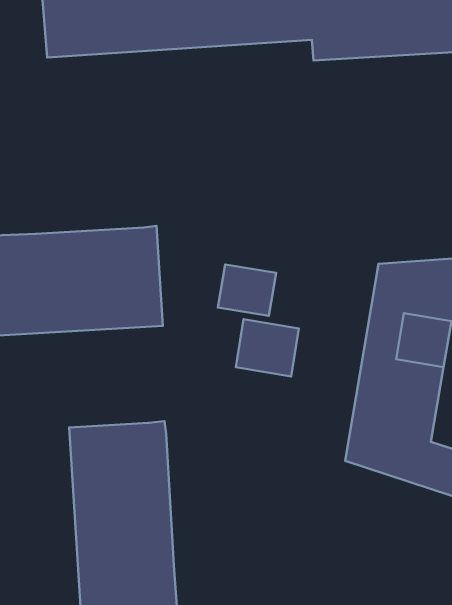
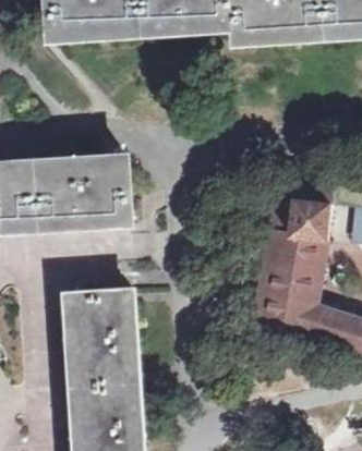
building: [218,265,276,316] -> none
building: [236,319,299,377] -> none

